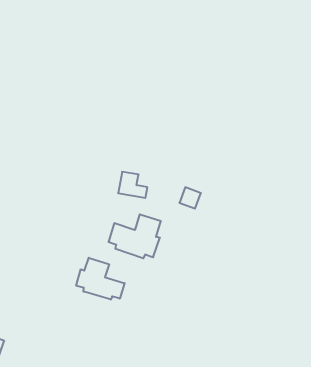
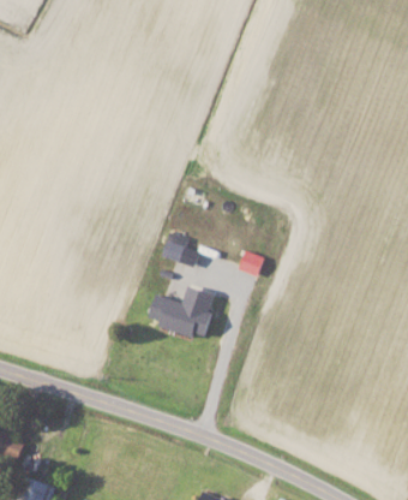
building: [76,258,125,300] -> none

